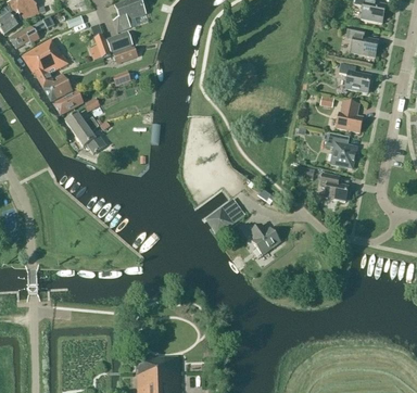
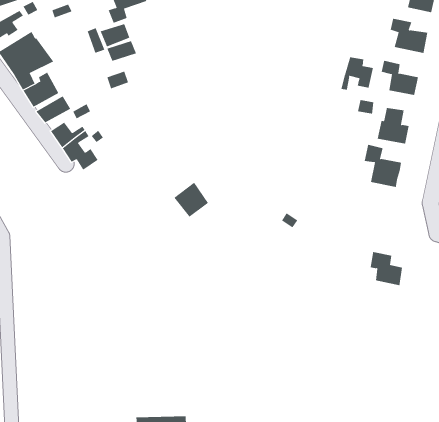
building: none -> [341,56,373,90]
building: [320,173,348,201] -> [370,252,403,286]
building: [204,205,233,234] -> [173,182,209,217]
building: [250,224,280,254] -> none

